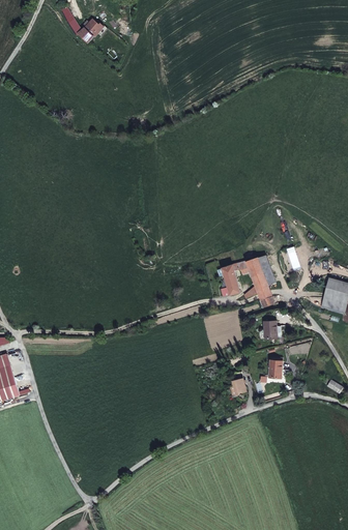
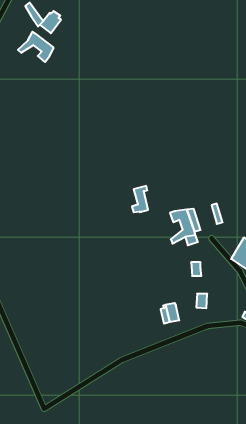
building: none -> [18,32,53,62]
building: [219,262,238,294] -> [132,186,148,212]

